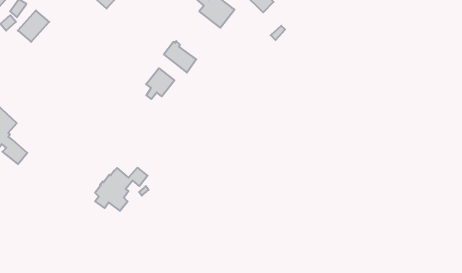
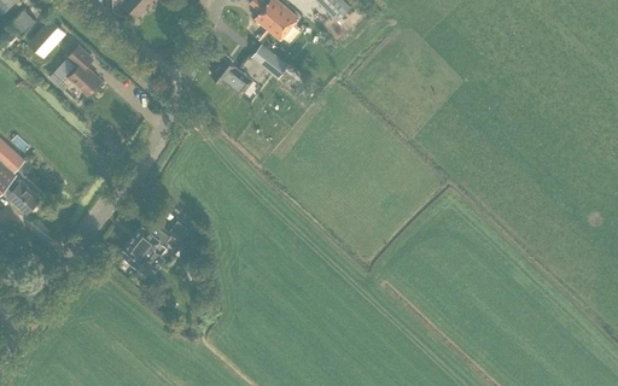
building: none -> [250,43,287,78]
building: none -> [68,46,99,94]
building: [146,68,174,99] -> none

